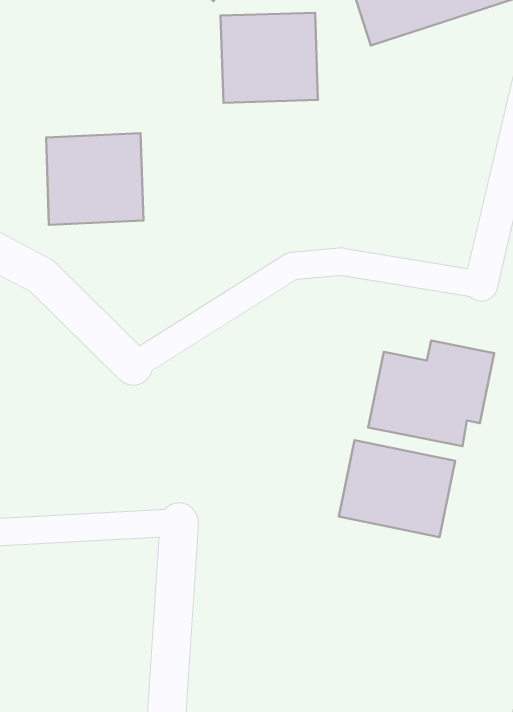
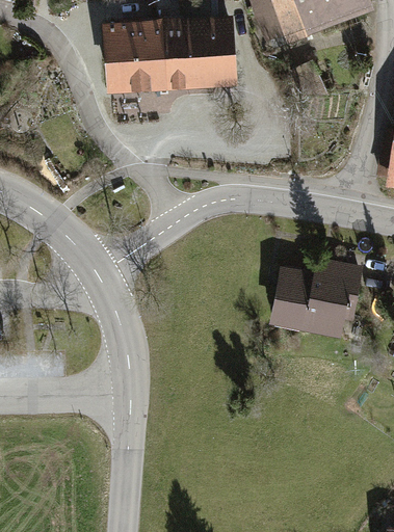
building: [46,133,143,225] -> [96,22,166,88]
building: [339,440,455,537] -> none

